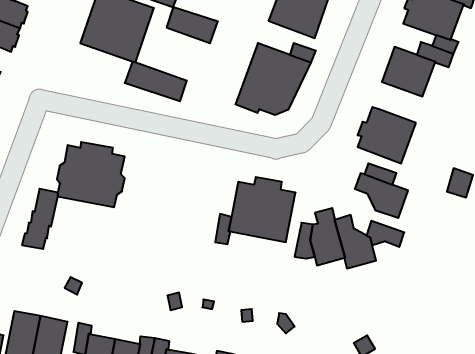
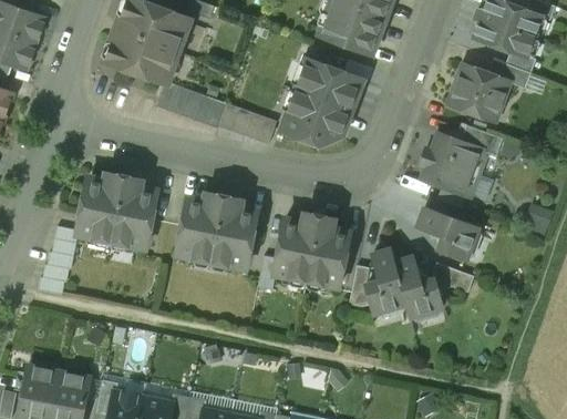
building: [167,7,218,43] -> [218,103,277,144]
building: none -> [445,123,503,156]
building: none -> [177,193,255,268]

